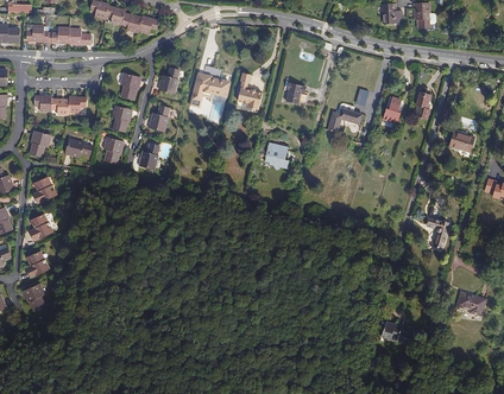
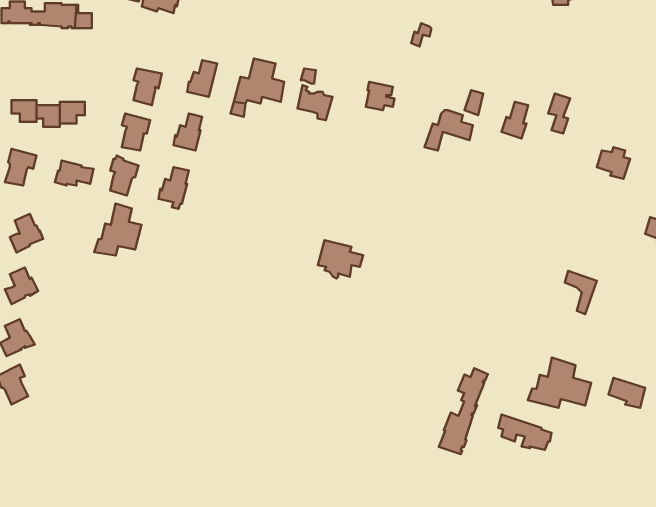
building: [264,141,296,169] -> [318,240,363,279]
building: none -> [94,203,141,256]
building: none -> [528,357,591,408]
building: none -> [439,368,488,454]

